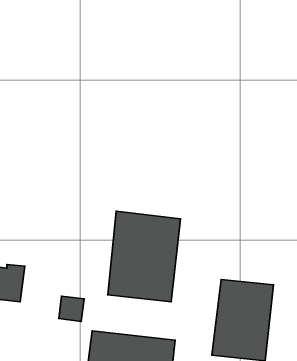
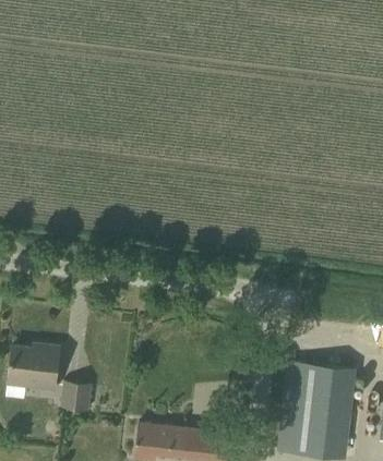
building: [108,211,180,302] -> none
building: [59,296,84,321] -> [62,381,92,411]

